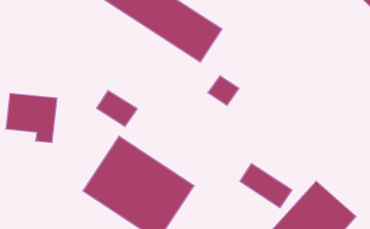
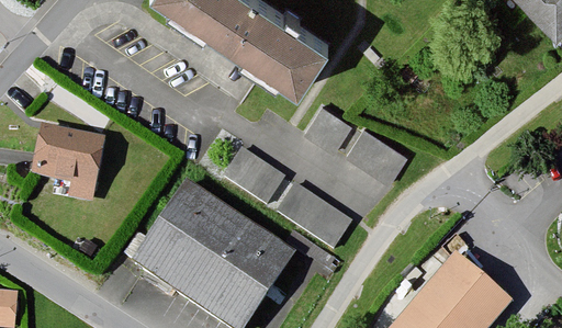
building: [96,90,137,127] -> [228,152,284,202]
building: none -> [349,132,406,181]
building: [240,164,292,208] -> [281,186,352,247]

